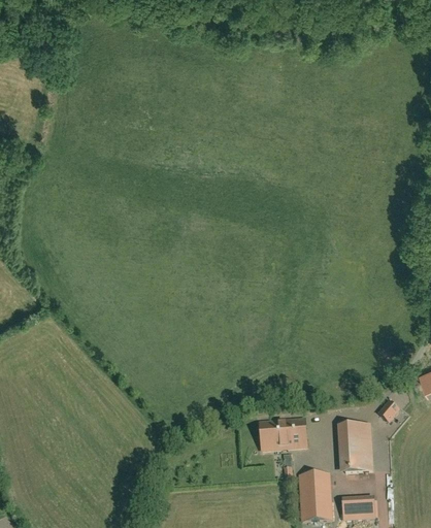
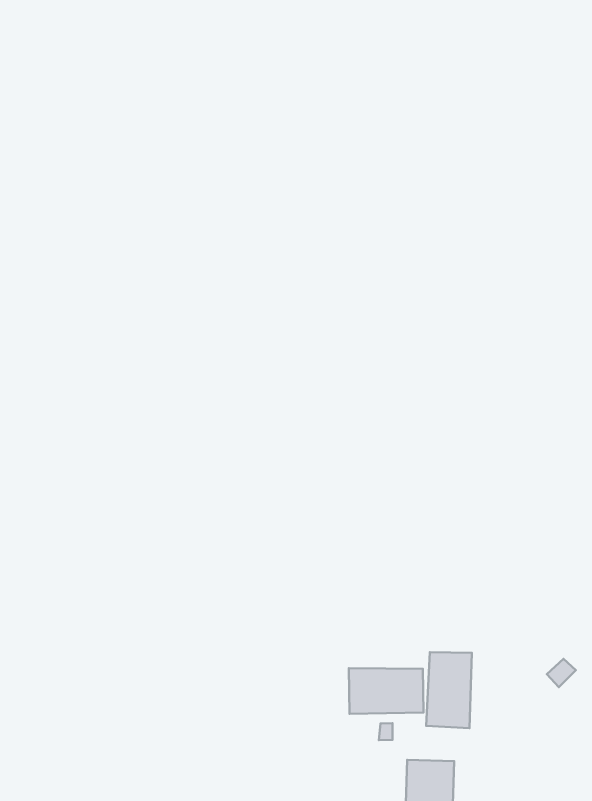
building: [342,426,371,473] -> [426,652,472,728]

